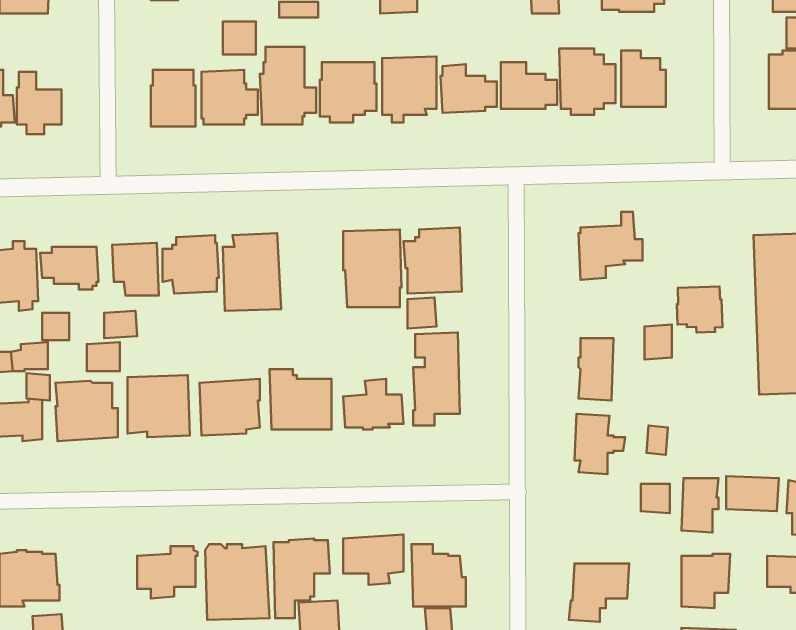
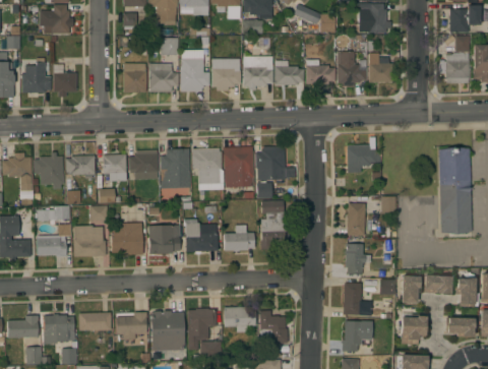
building: none -> [192,148,223,185]
building: [677,286,723,333] -> none
building: none -> [343,283,372,315]
building: none -> [78,312,111,330]

